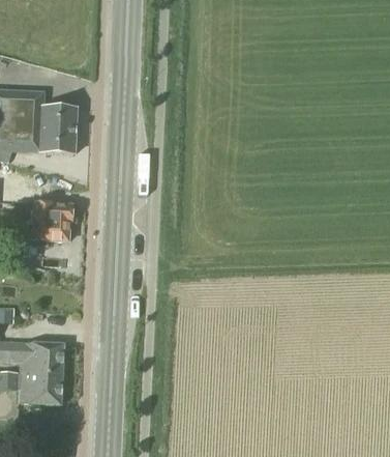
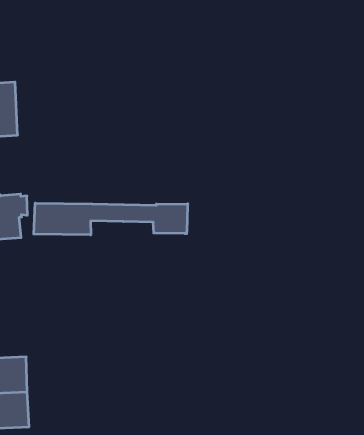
building: none -> [34,203,188,235]

